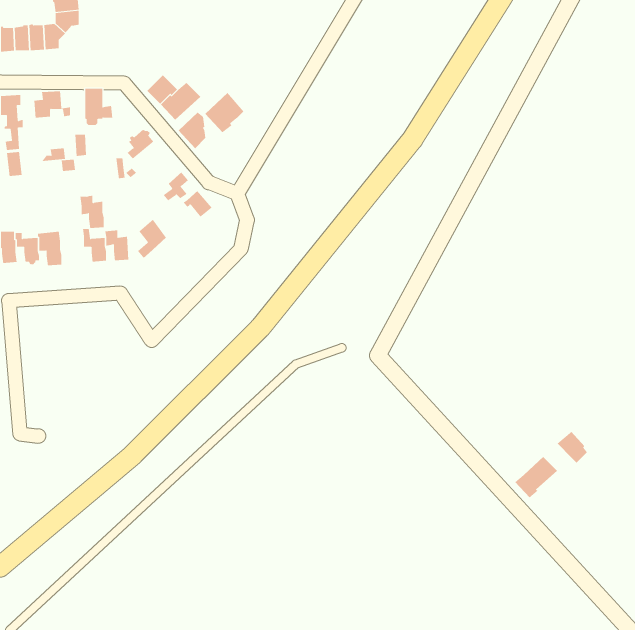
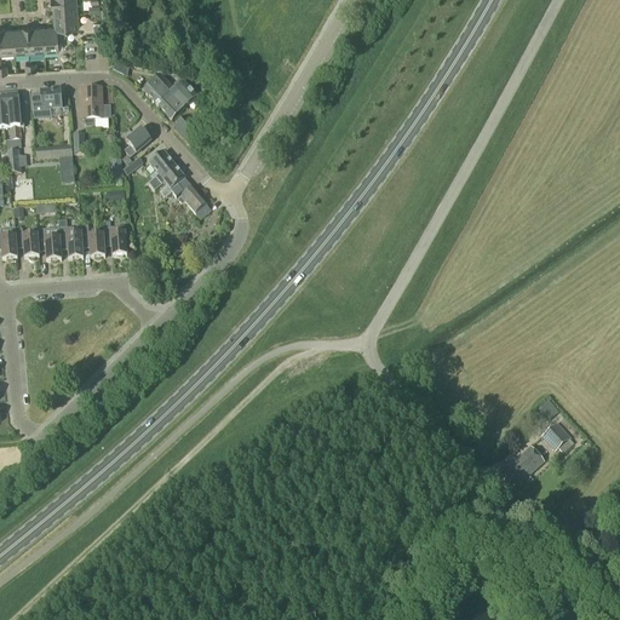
building: [205,92,244,133] -> none
building: [80,195,104,229] -> [58,224,82,257]
building: [137,219,167,259] -> [148,149,177,188]

